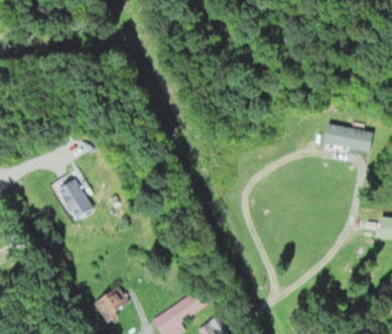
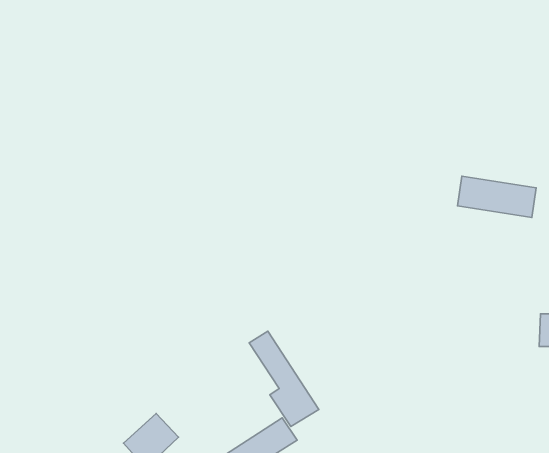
building: [50,174,94,221] -> none
building: none -> [249,331,319,426]

